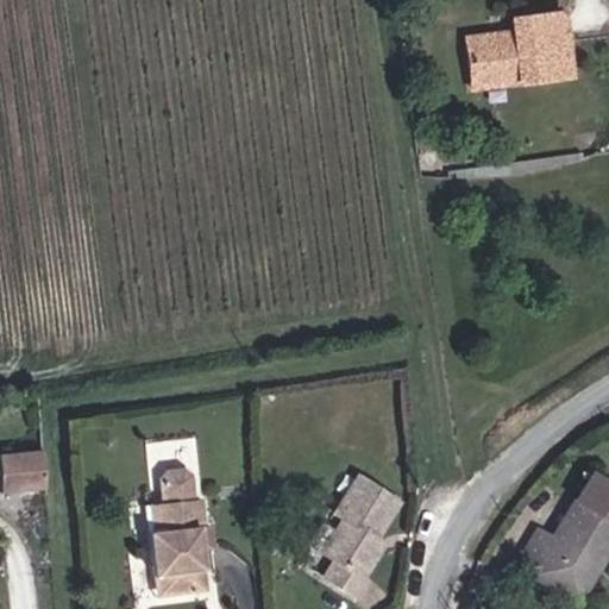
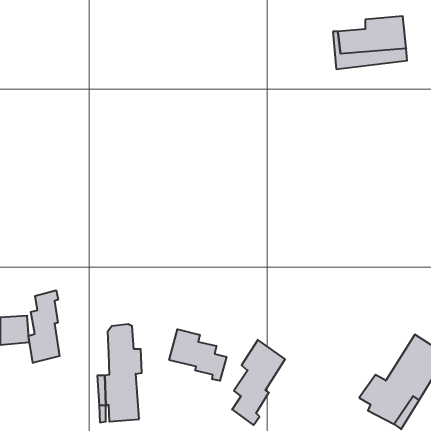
building: none -> [29,290,60,363]
building: none -> [169,329,226,381]

